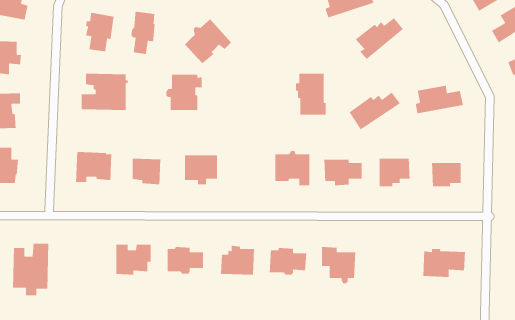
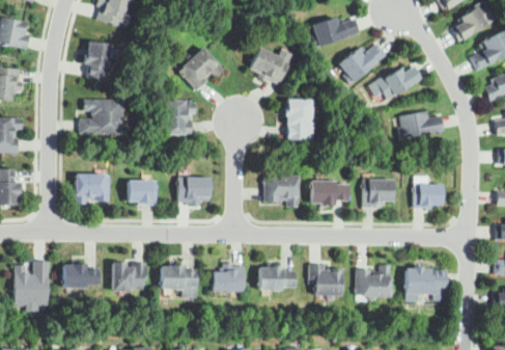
building: [131,11,156,55] -> none
building: none -> [250,48,289,84]
building: [348,91,401,131] -> [372,69,422,106]
building: none -> [63,262,99,288]
building: none -> [356,265,392,300]

